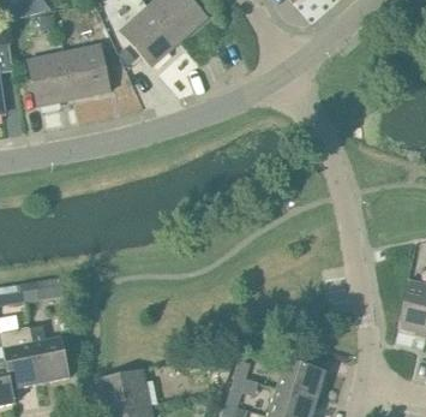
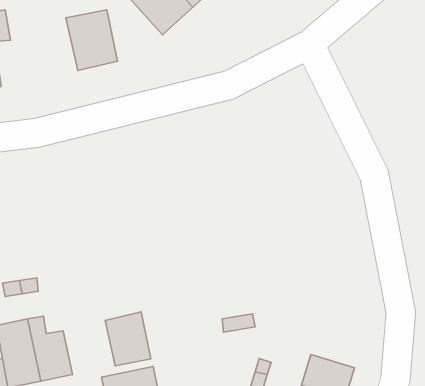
building: [28,52,74,107] -> none
building: none -> [105,312,151,366]

